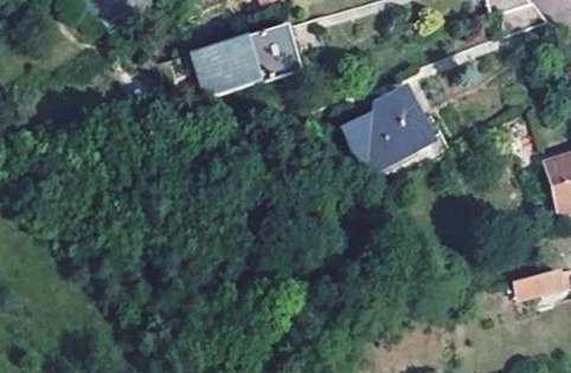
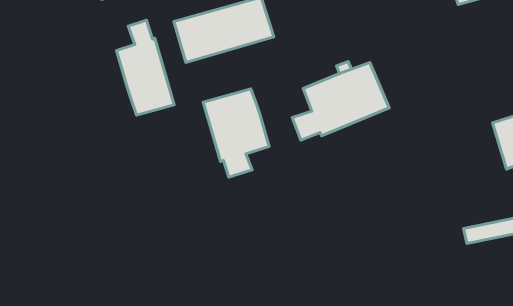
building: none -> [116,20,174,115]
building: none -> [203,89,269,177]

